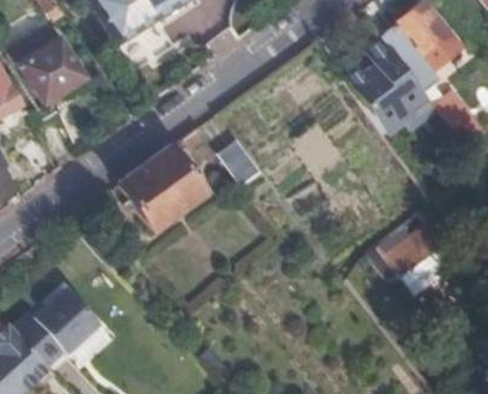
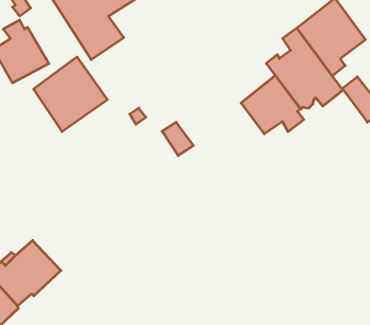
building: none -> [241,75,304,134]
building: [121,145,208,234] -> [34,57,107,132]
building: [376,226,440,299] -> none

